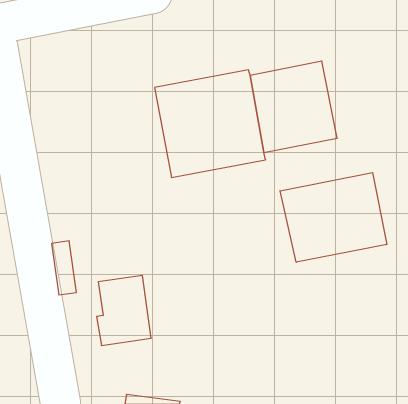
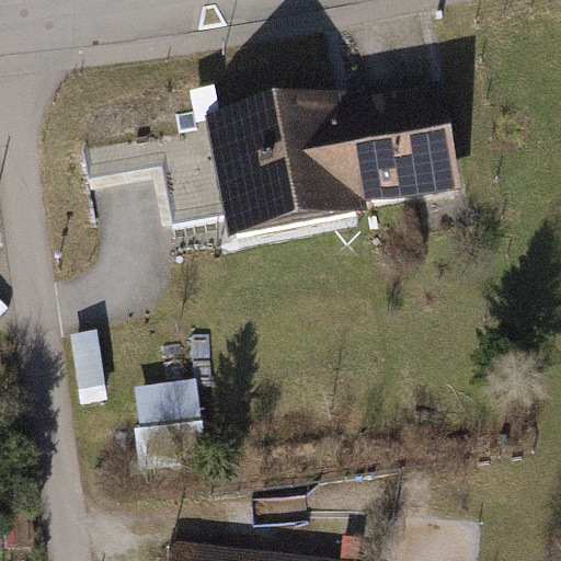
building: [280,173,387,262] -> none

